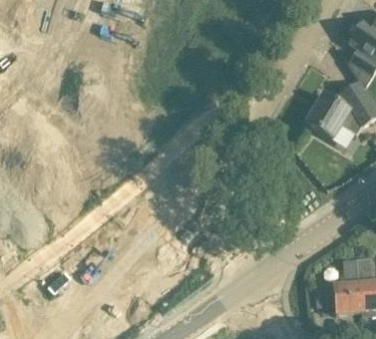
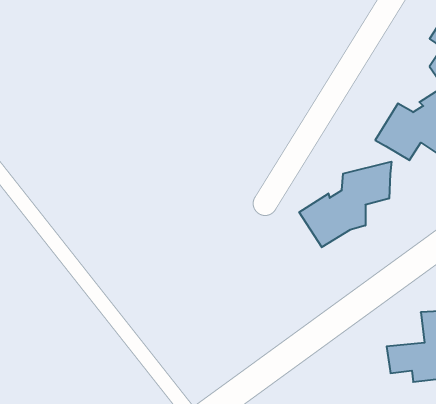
building: none -> [299,162,391,247]

